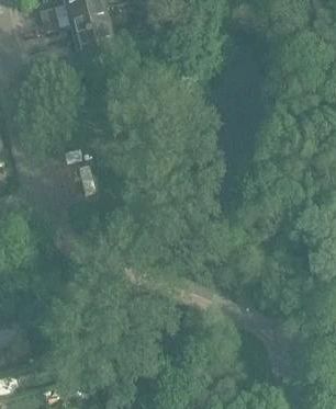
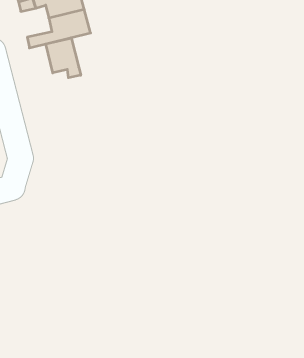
building: none -> [46,38,81,78]

